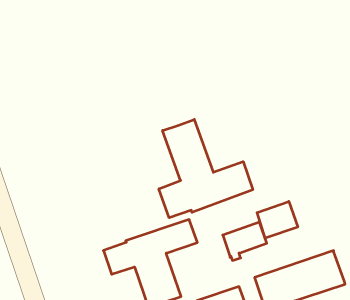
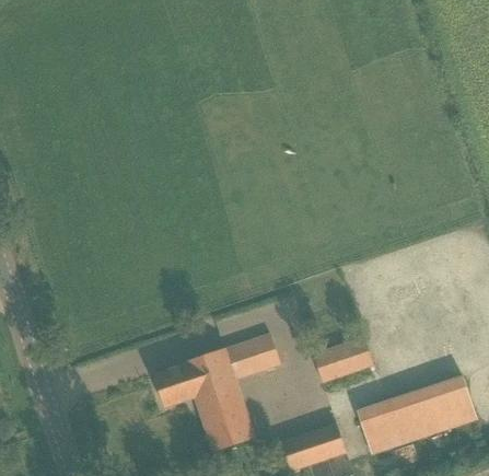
building: [159,119,253,218] -> none
building: [257,201,298,238] -> none

